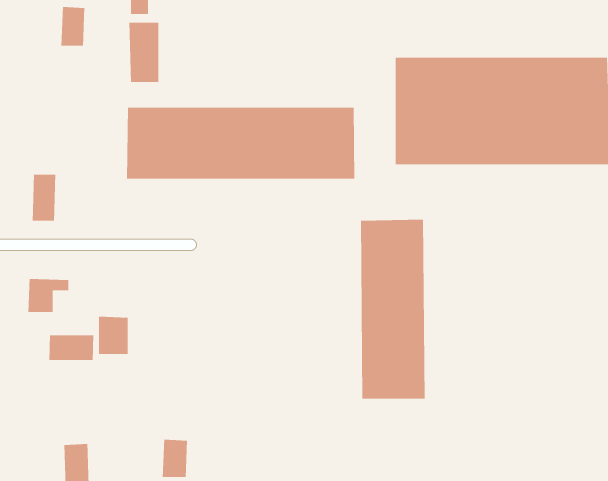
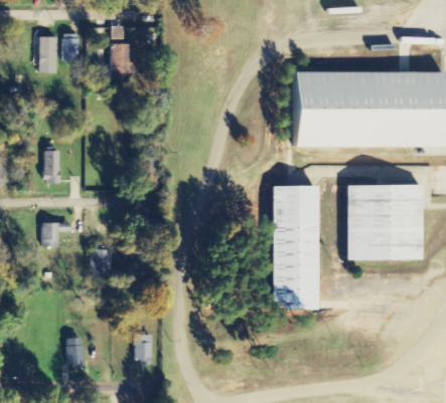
building: none -> [39,39,58,74]
building: [126,107,355,179] -> none
building: none -> [347,183,422,258]
building: [48,334,94,361] -> none

